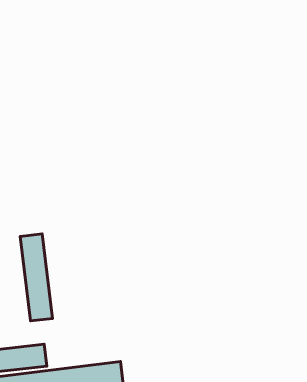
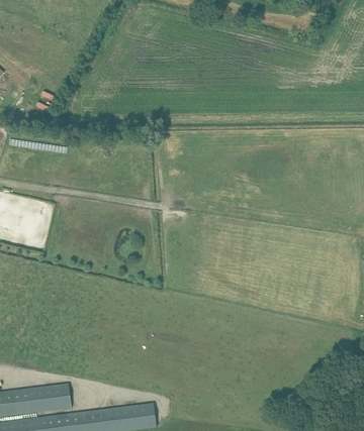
building: [20,234,53,321] -> none

